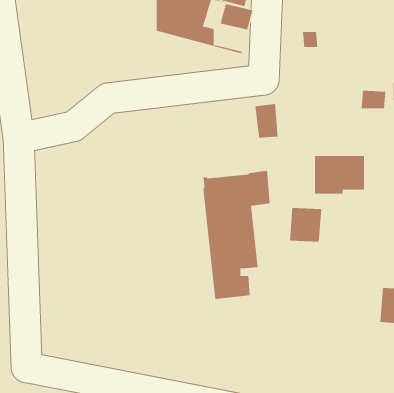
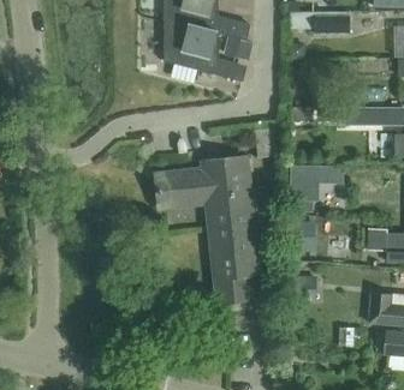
building: none -> [155,158,249,209]

